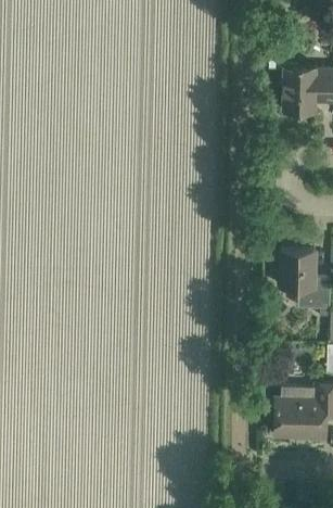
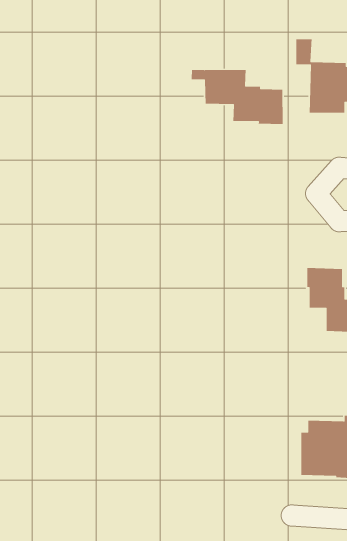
building: none -> [191,69,283,125]

